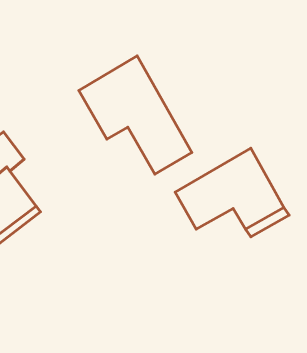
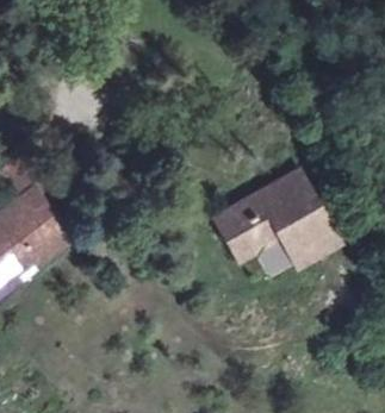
building: [79,56,192,174] -> none

